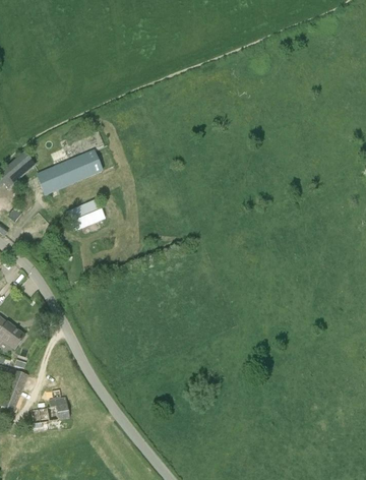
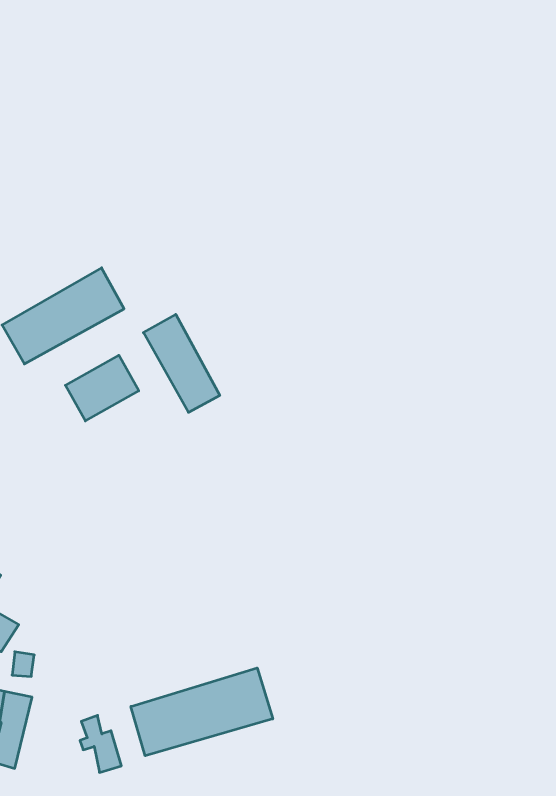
building: none -> [143,314,220,412]
building: none -> [131,668,273,756]

